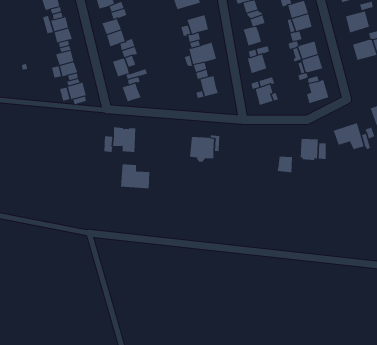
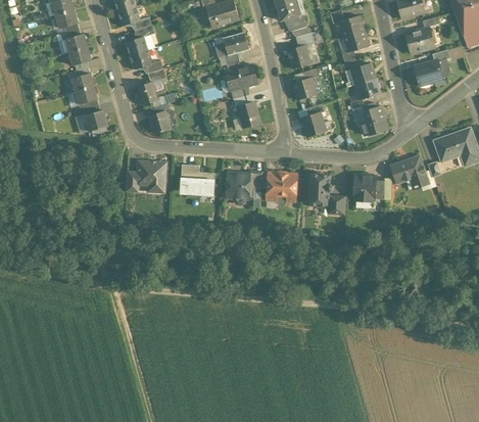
building: none -> [267,173,296,204]
building: none -> [307,173,333,206]
building: [120,164,150,189] -> [180,163,214,192]

